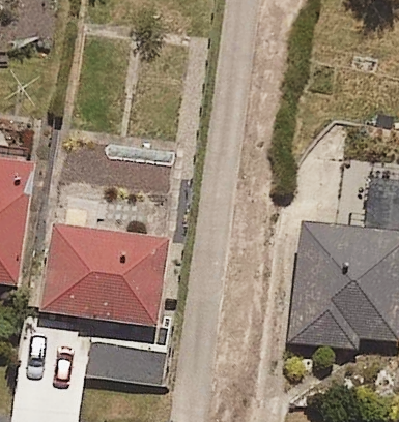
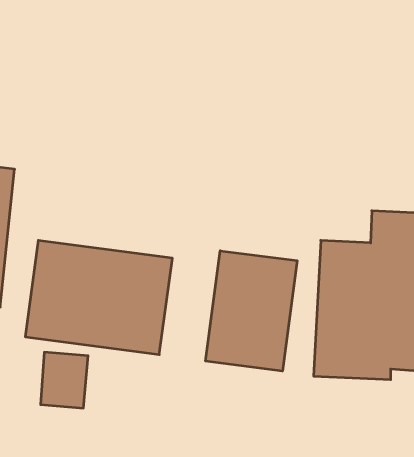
building: none -> [206,251,297,371]

